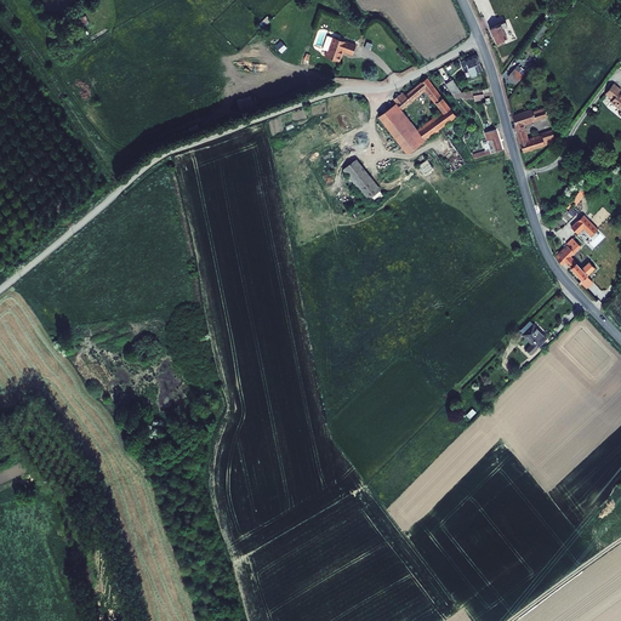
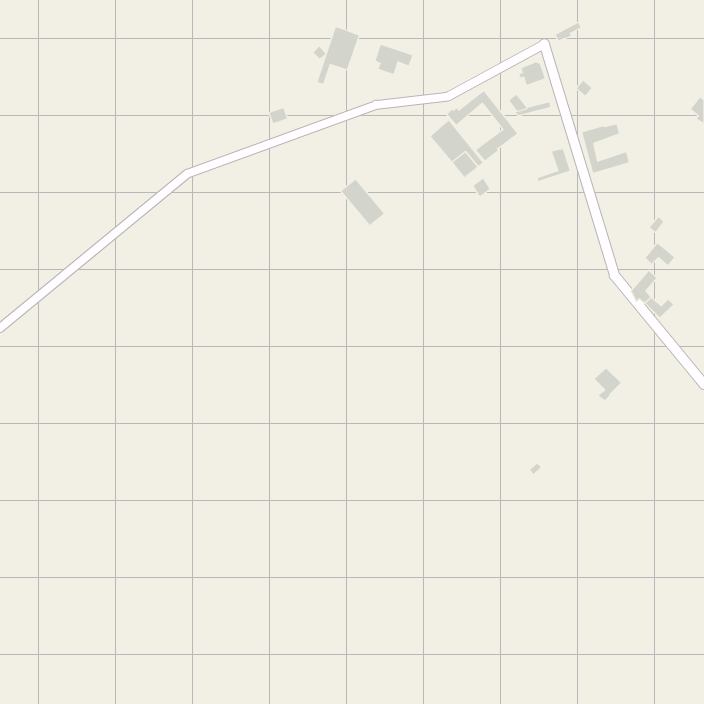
building: none -> [317,26,359,85]
building: [341,156,380,198] -> [341,179,385,226]

